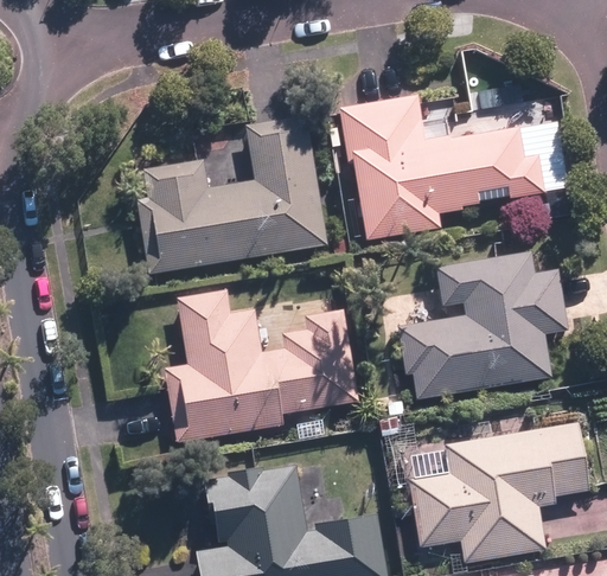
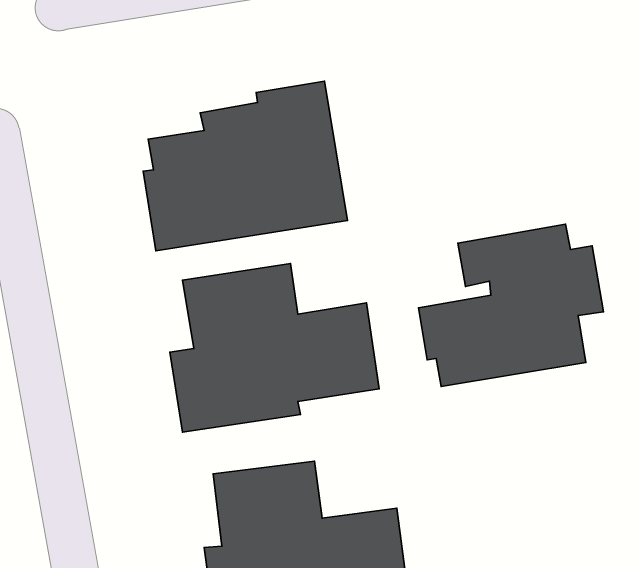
building: [341,97,541,243] -> none
building: [410,423,587,561] -> none

